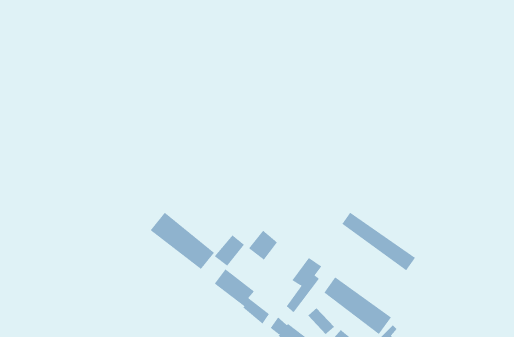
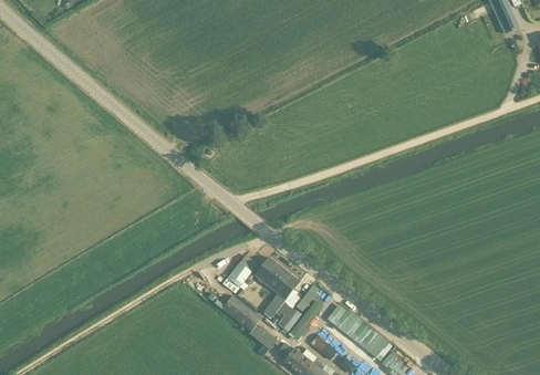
building: [150,212,215,270] -> none
building: [341,212,416,271] -> none
building: none -> [262,270,299,327]

